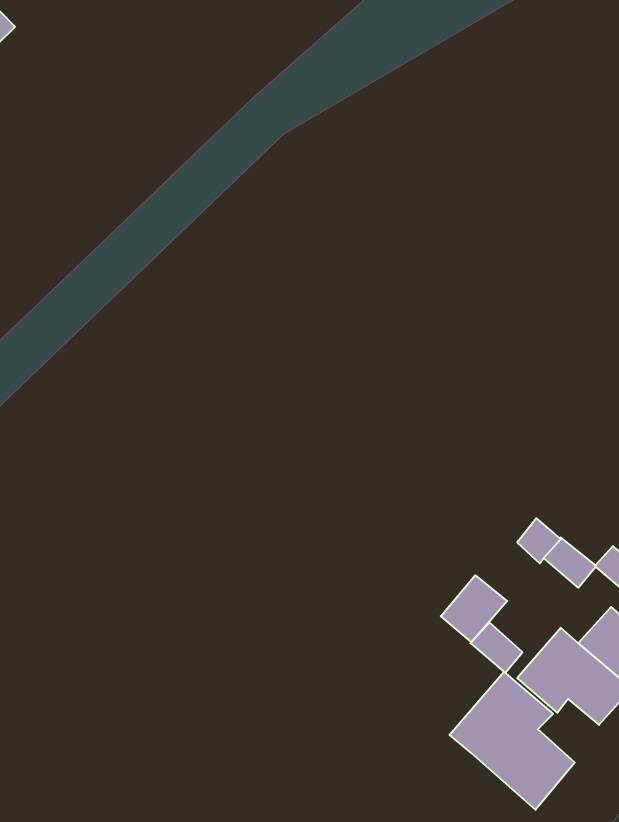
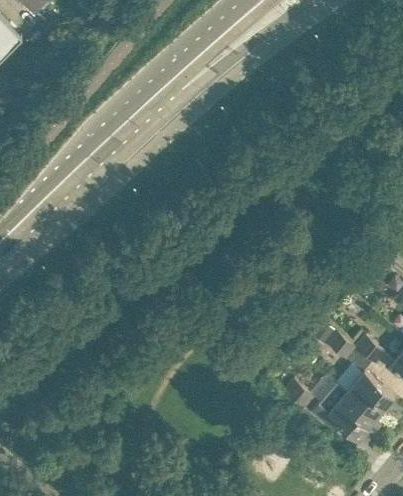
building: [441,575,507,642] -> none
building: [449,672,575,810] -> none

